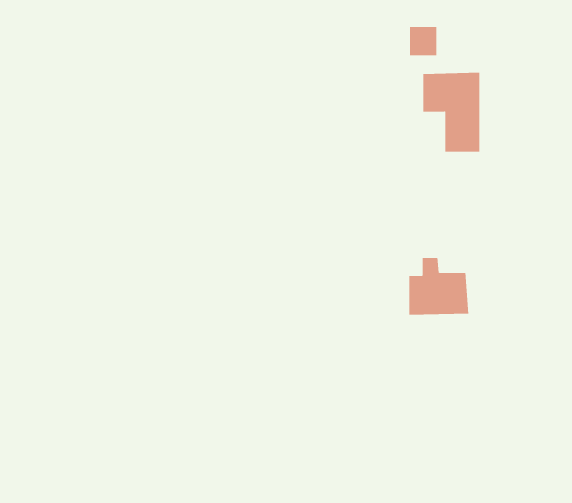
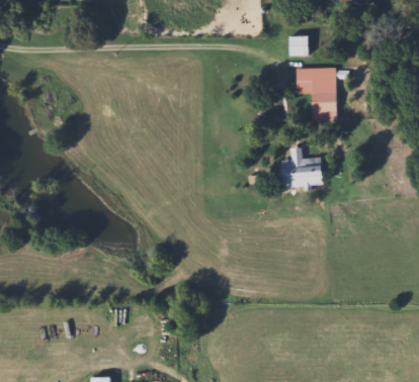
building: [408,258,469,315] -> [282,148,324,187]

